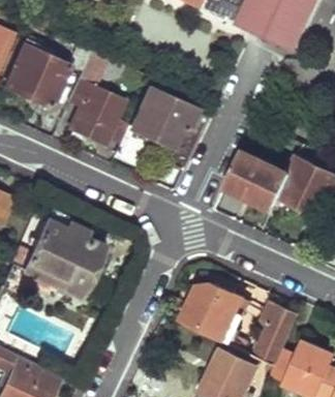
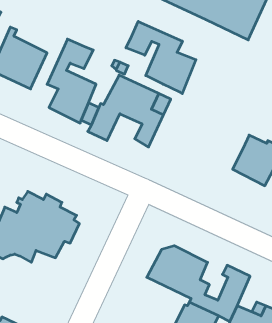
building: none -> [126,21,196,94]
building: [223,150,288,213] -> none

